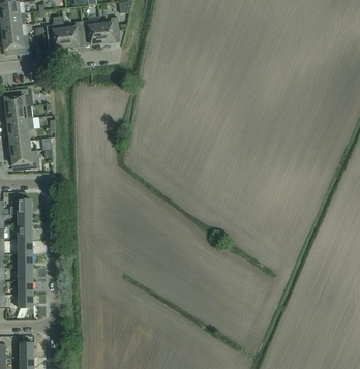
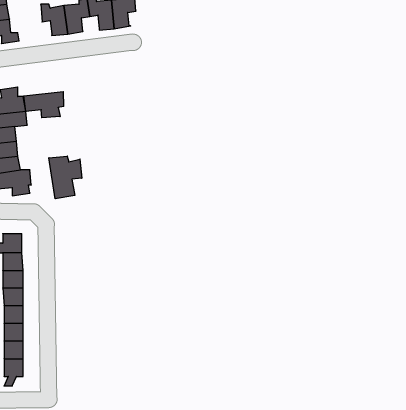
building: none -> [24,92,64,118]
building: none -> [49,156,82,199]

